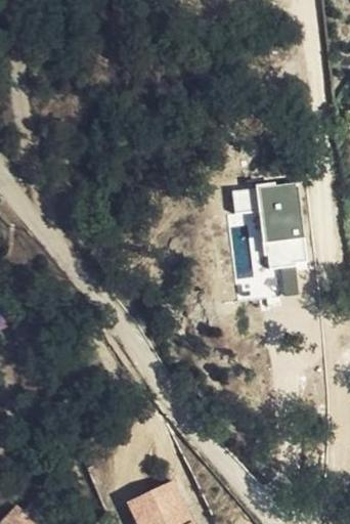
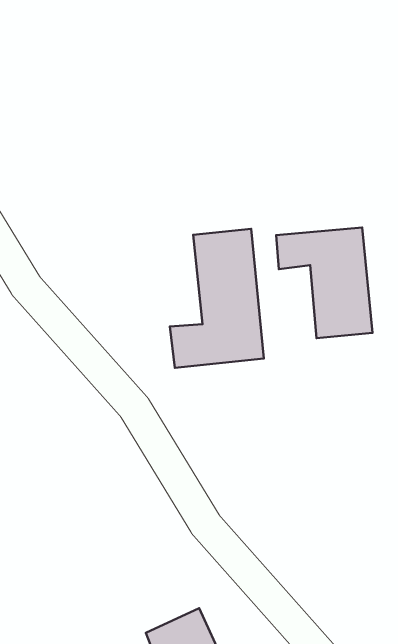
building: none -> [170,229,264,368]

